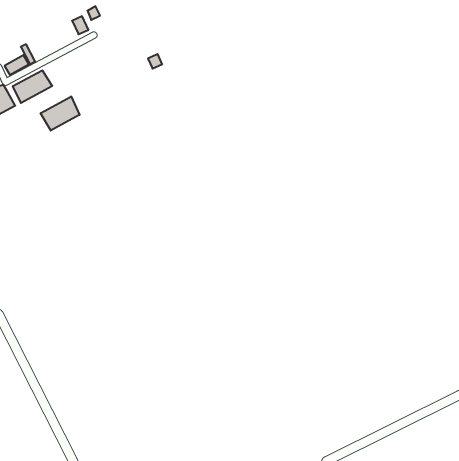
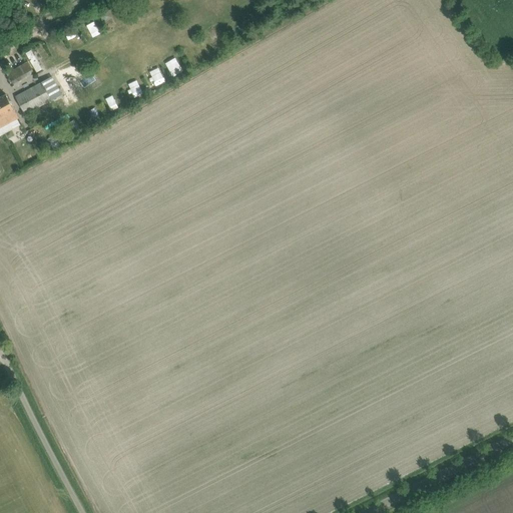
building: [41,96,80,131] -> none

